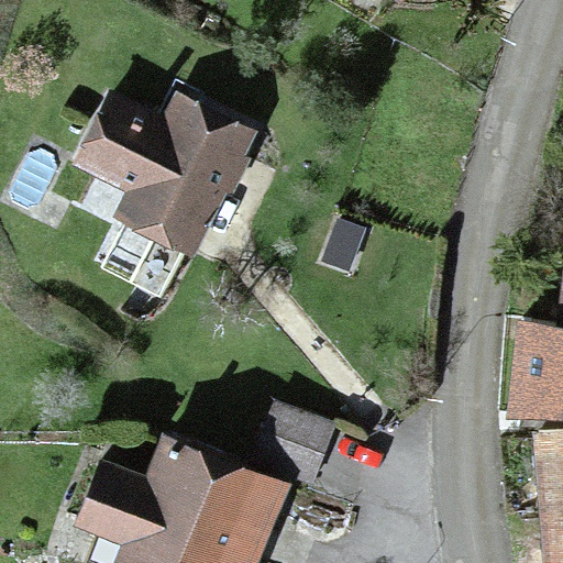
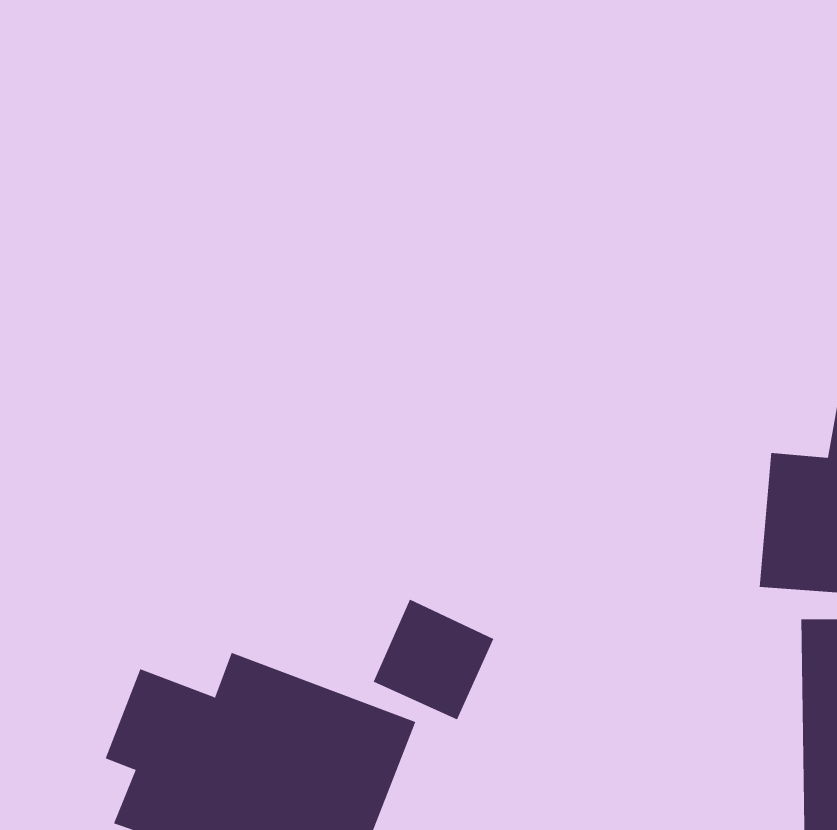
building: [81,114,251,255] -> none

